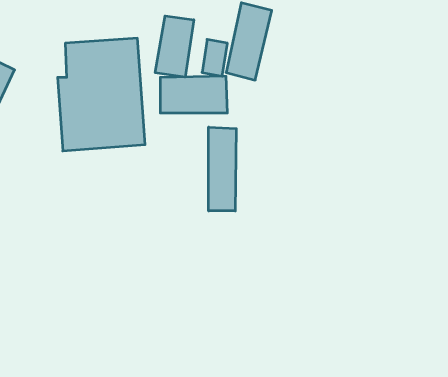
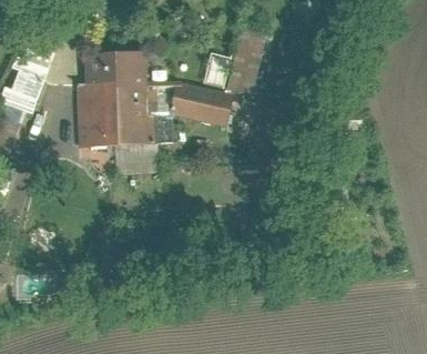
building: [155,16,194,77] -> none
building: [209,127,236,211] -> none

